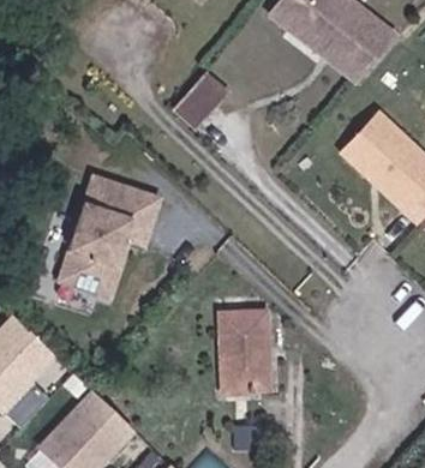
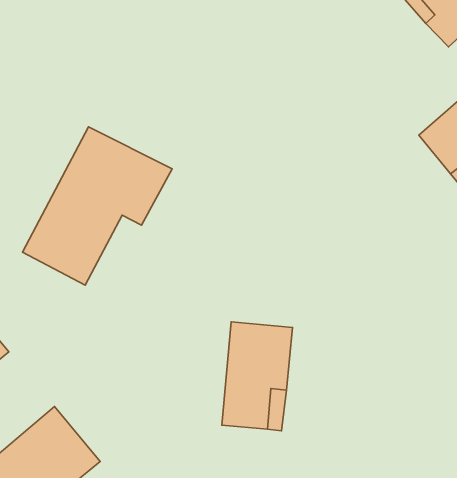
building: [175,73,231,132] -> none

